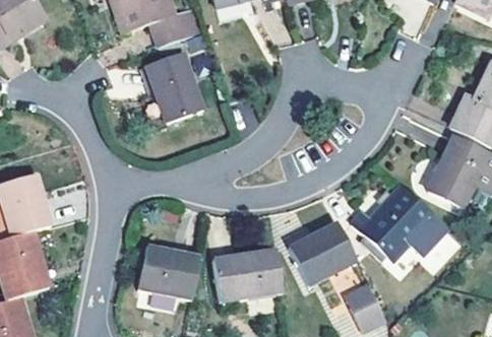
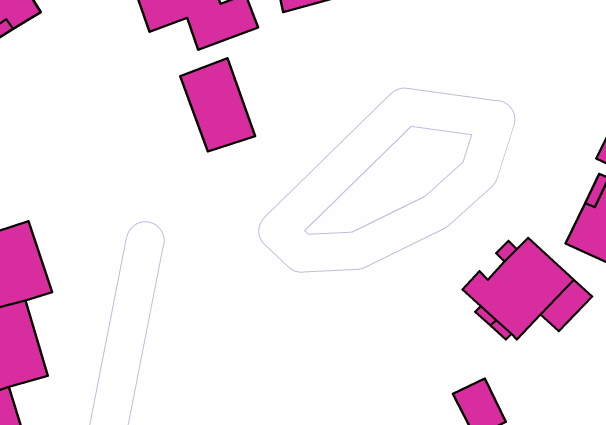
building: [290,223,356,284] -> none
building: [140,248,200,298] -> none
building: [216,250,282,300] -> none

